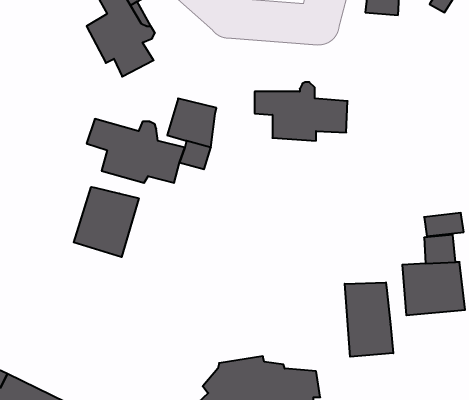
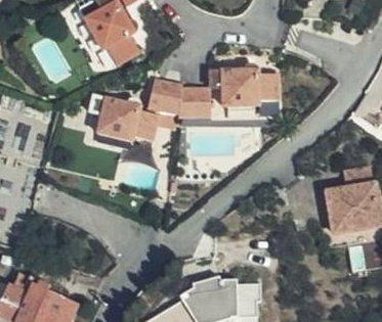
building: none -> [183,89,216,116]
building: [74,187,139,257] -> none
building: [345,282,393,357] -> none

